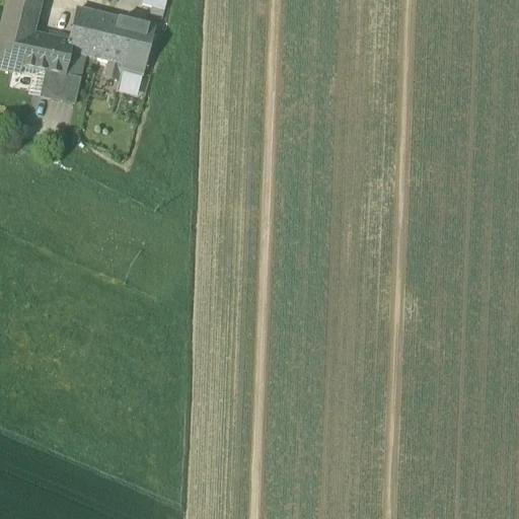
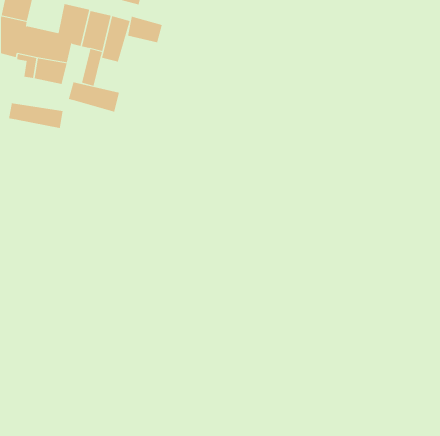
building: none -> [127,16,163,43]
building: none -> [68,81,120,112]
building: none -> [8,102,63,129]

